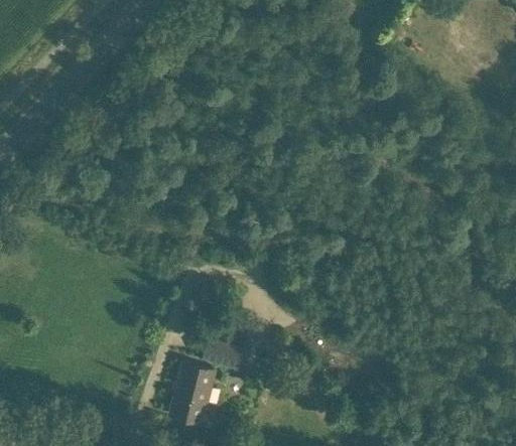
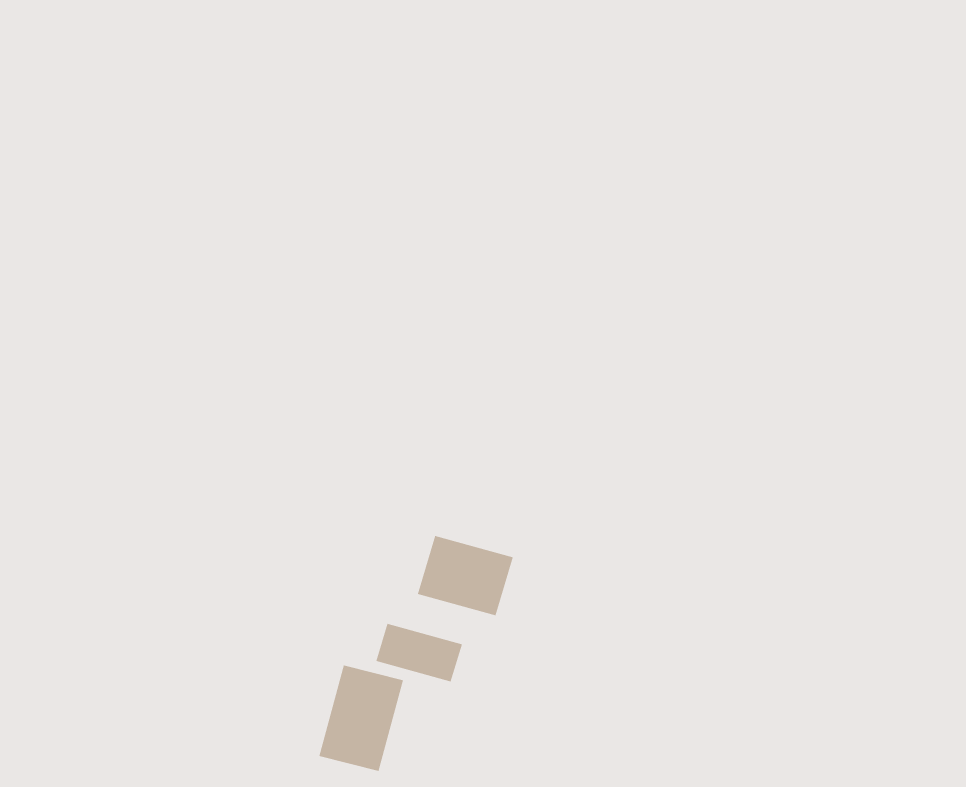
building: none -> [417,535,513,616]

